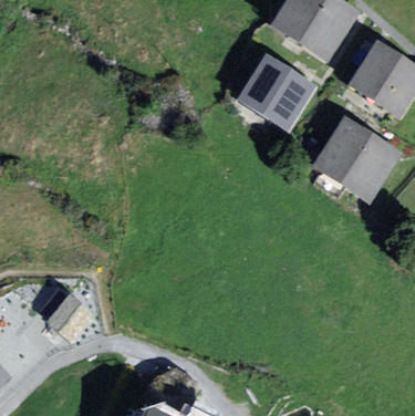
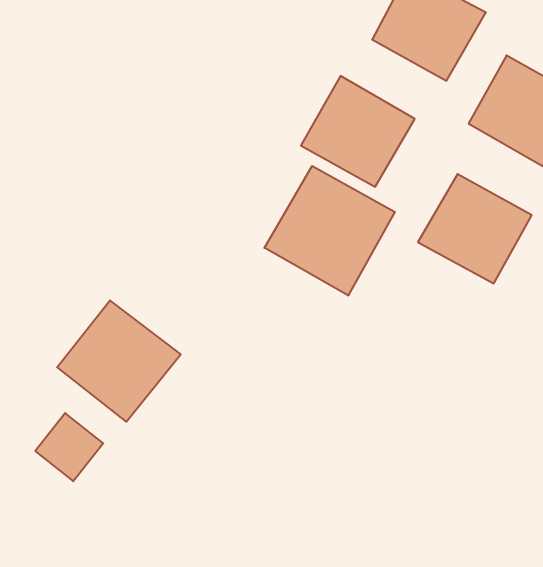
building: none -> [264,166,395,296]
building: none -> [57,300,181,422]

